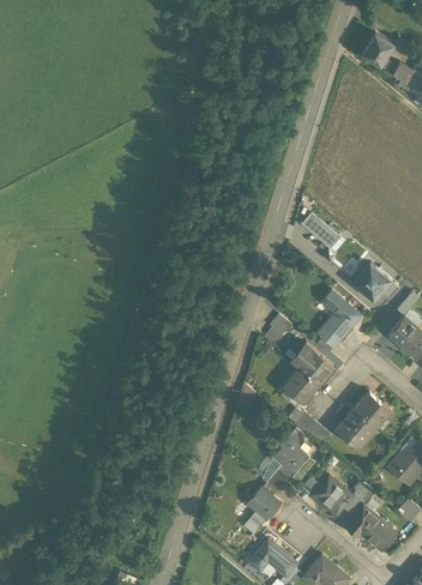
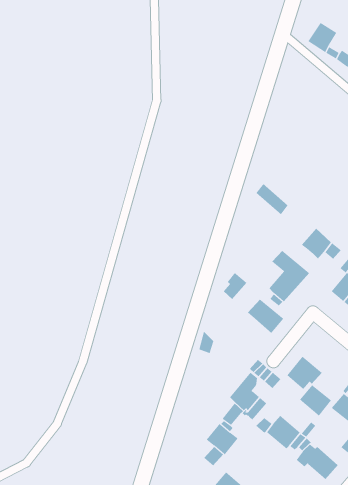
building: [282,367,319,404] -> none
building: [354,392,391,428] -> [299,385,332,416]

